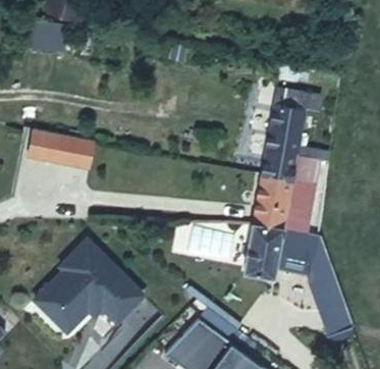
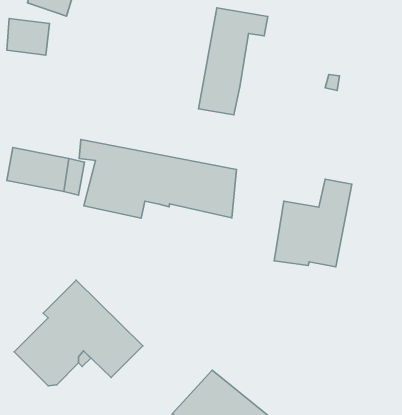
building: [261,90,319,179] -> [199,8,268,115]
building: none -> [79,140,237,218]
building: [243,224,350,335] -> none

